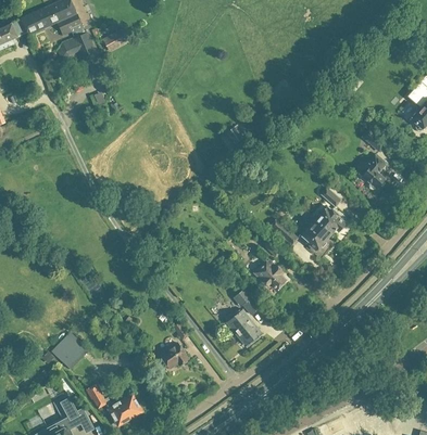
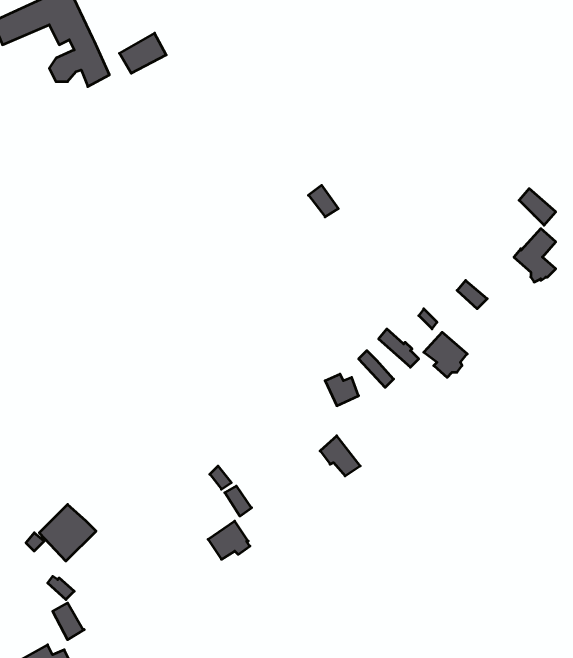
building: [312,206,344,235] -> none
building: [254,260,286,291] -> none
building: [225,309,261,346] -> none
building: [85,383,141,424] -> none

